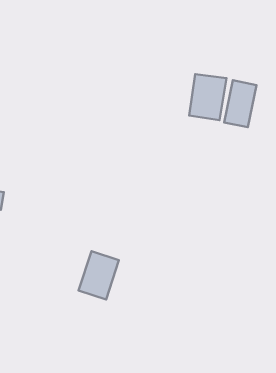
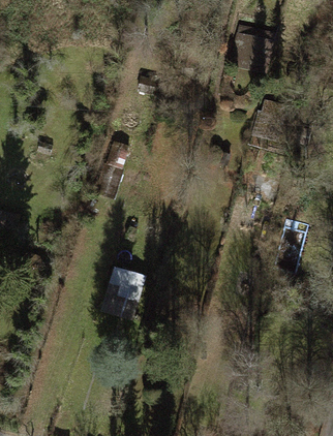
building: [189,74,227,120] -> [235,27,274,75]

